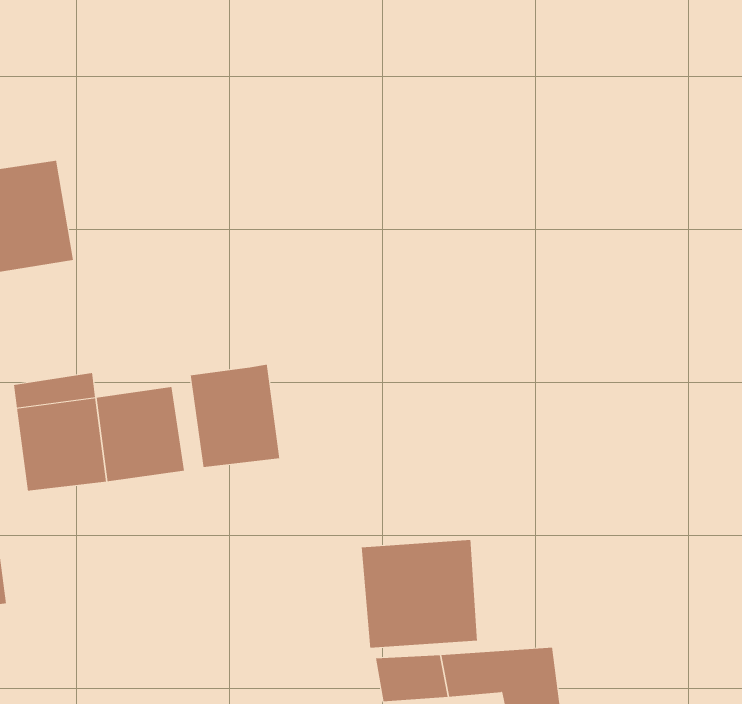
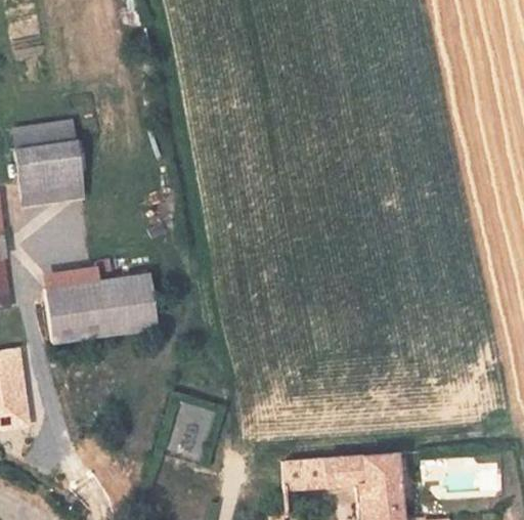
building: [190,364,280,468] -> none
building: [361,539,477,649] -> none

